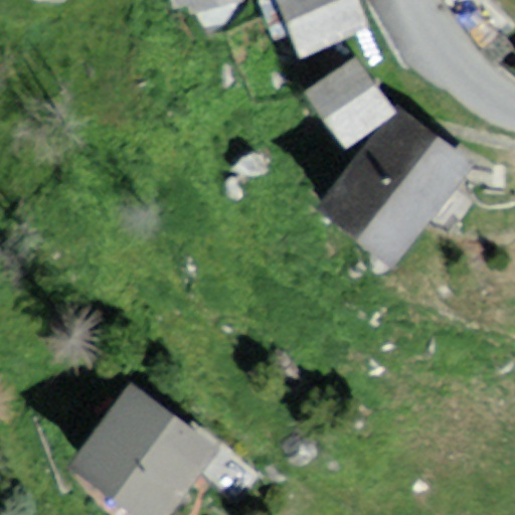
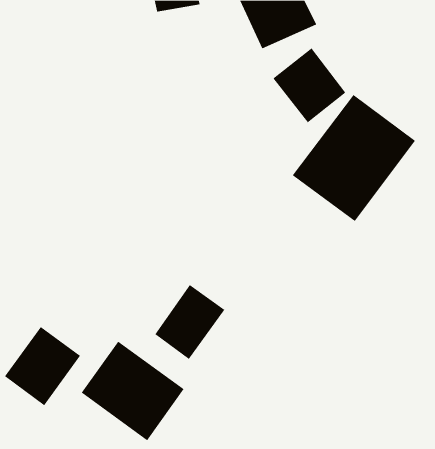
building: none -> [154,284,225,360]
building: none -> [4,326,81,406]

